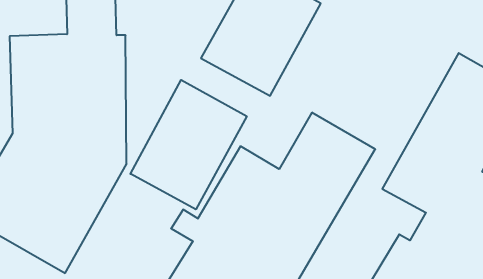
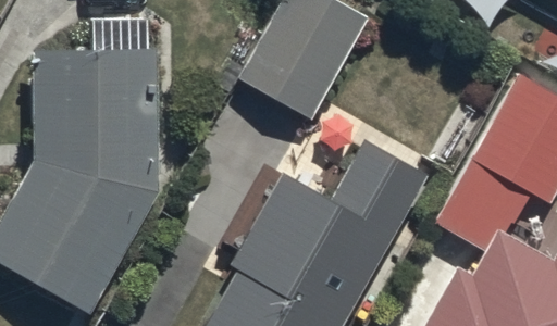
building: [130,80,247,209] -> none

